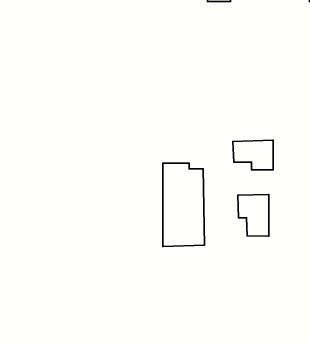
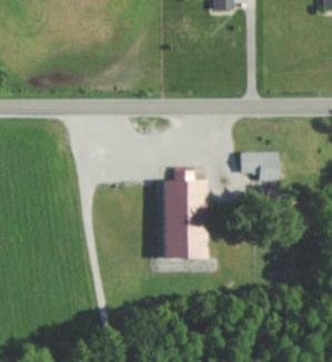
building: [238,194,269,236] -> none

